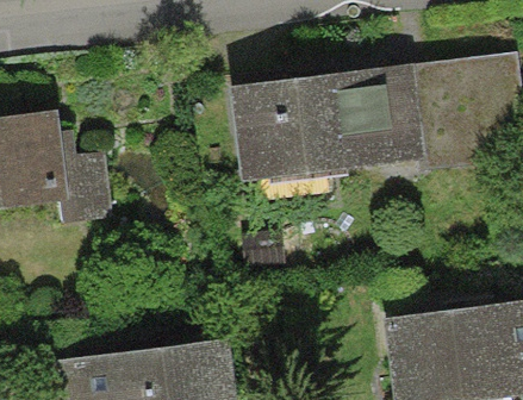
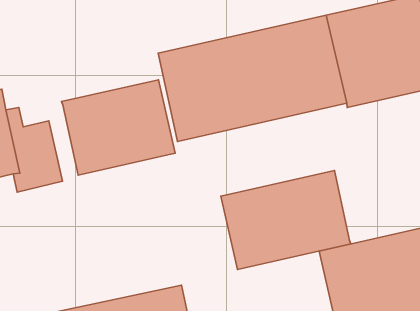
building: none -> [62,80,175,175]
building: none -> [221,171,351,270]

